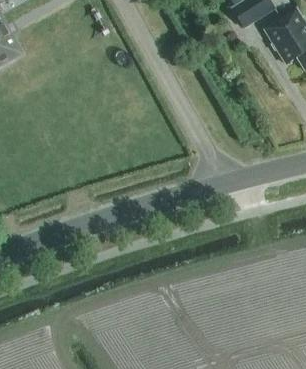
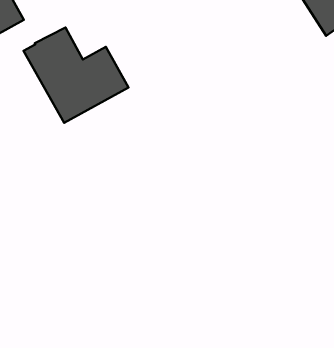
building: none -> [23,27,128,123]

